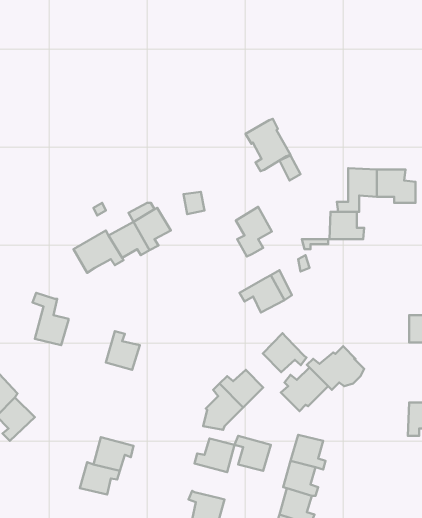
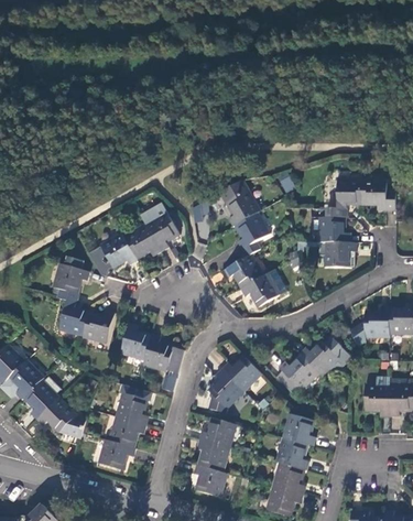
building: [245,119,290,171] -> [220,181,260,227]
building: none -> [325,242,356,267]
building: none -> [225,256,263,289]
building: none -> [54,258,89,295]
building: none -> [349,306,390,347]
building: none -> [83,312,116,344]
building: [263,333,307,372] -> none
building: none -> [144,335,186,373]
building: none -> [365,379,390,416]
building: none -> [118,394,149,425]
building: none -> [37,400,87,438]
building: [235,436,271,471] -> [197,441,229,471]

